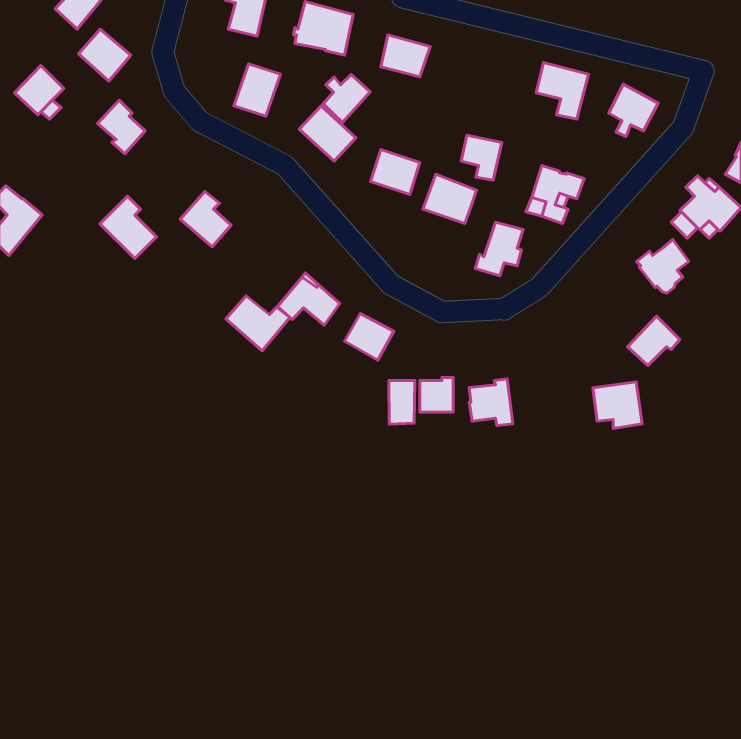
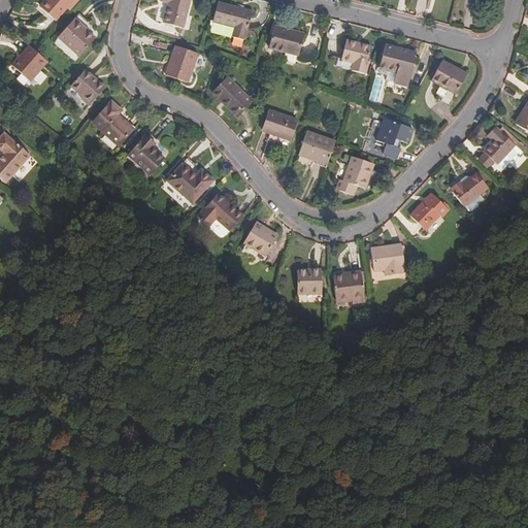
building: [323,75,370,123] -> none
building: [461,135,502,180] -> [342,40,371,72]
building: [100,196,157,259] -> [95,102,135,146]
building: [226,296,290,351] -> [168,165,213,204]
building: [627,316,680,366] -> [410,191,448,226]
building: [389,380,415,424] -> none
building: [593,382,642,428] -> [370,243,405,276]

